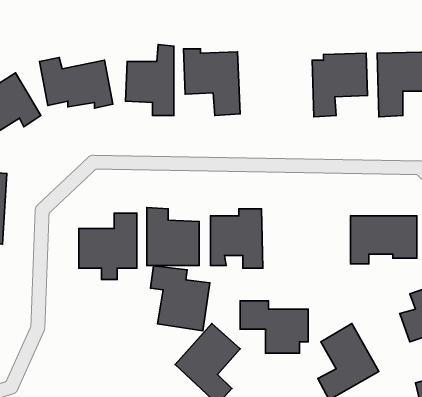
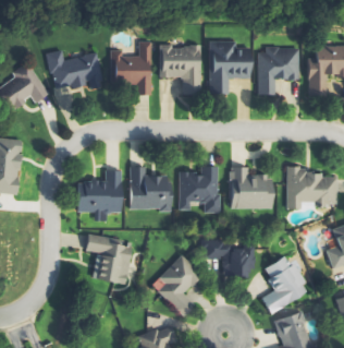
building: none -> [208,40,251,94]
building: none -> [230,166,272,208]
building: [151,266,210,331] -> [86,233,132,284]

